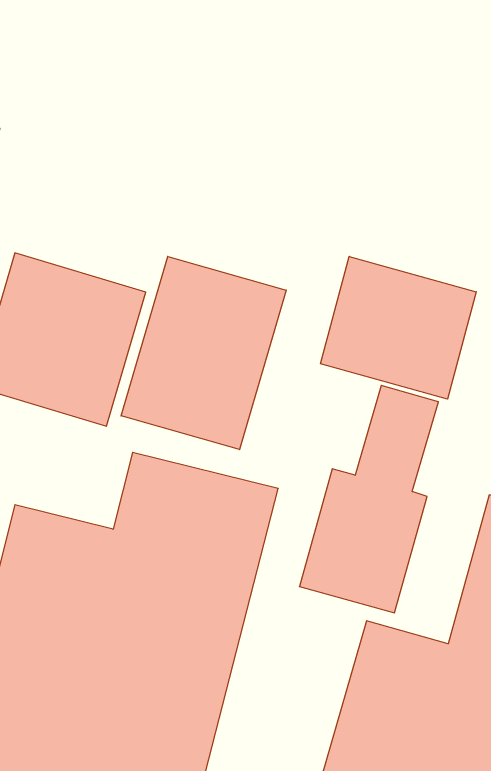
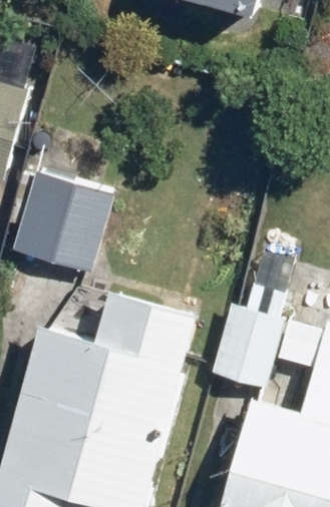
building: [320,256,476,399] -> none
building: [121,256,286,450] -> none

